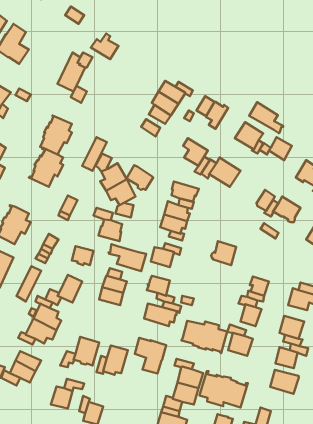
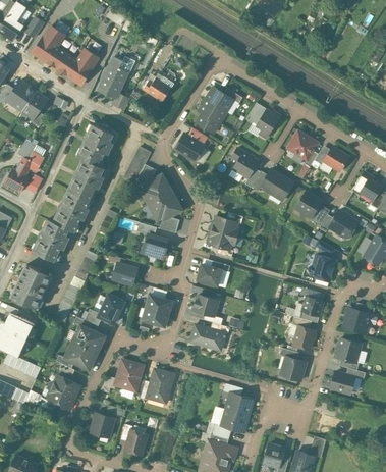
building: [91,33,119,59] -> [143,74,172,102]
building: none -> [57,50,99,86]
building: [249,102,283,133] -> none
building: [126,165,153,190] -> [175,135,204,161]
building: none -> [53,191,89,232]
building: none -> [295,192,322,218]
building: [171,182,199,202] -> none
building: [211,241,236,265] -> [309,255,335,280]
building: [109,244,146,271] -> none
building: [182,321,227,353] -> none
building: [135,338,166,374] -> none
building: [270,370,299,394] -> none
building: [200,371,248,407] -> none

